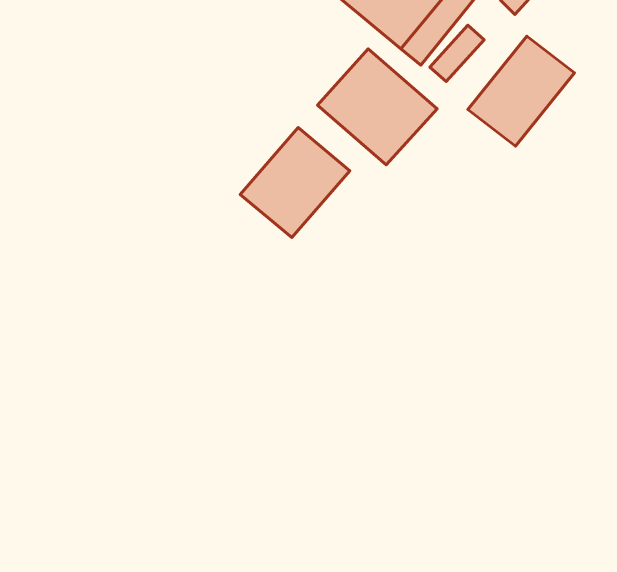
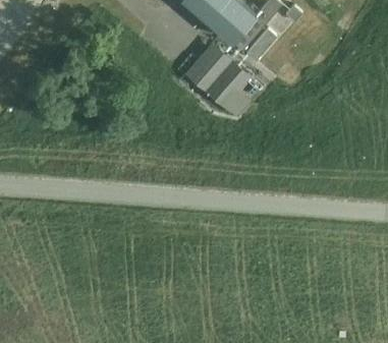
building: [468,36,575,146] -> none
building: [240,128,350,238] -> none

